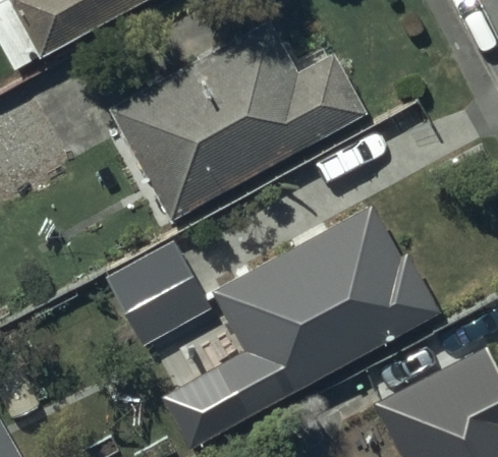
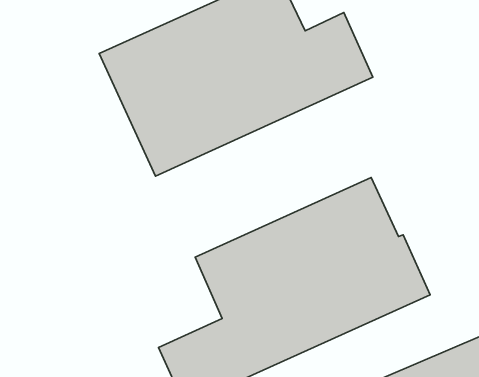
building: [107,242,214,349] -> none

